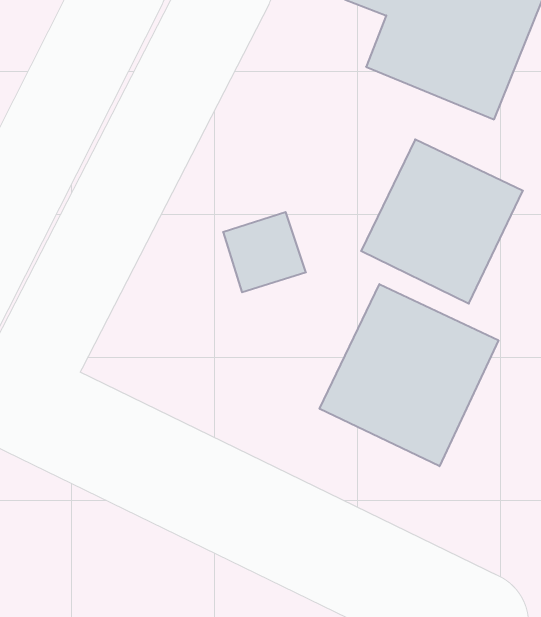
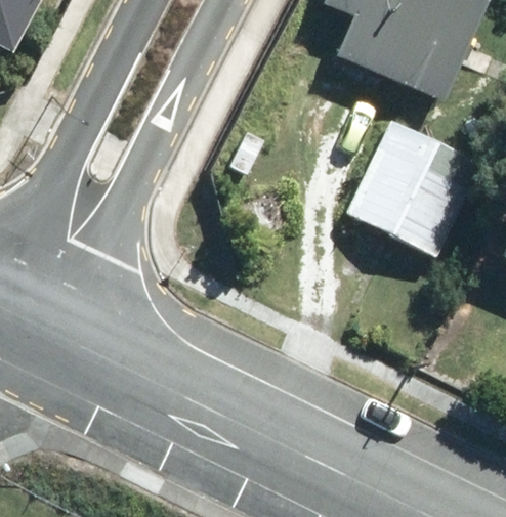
building: [320,284,498,466] -> none

